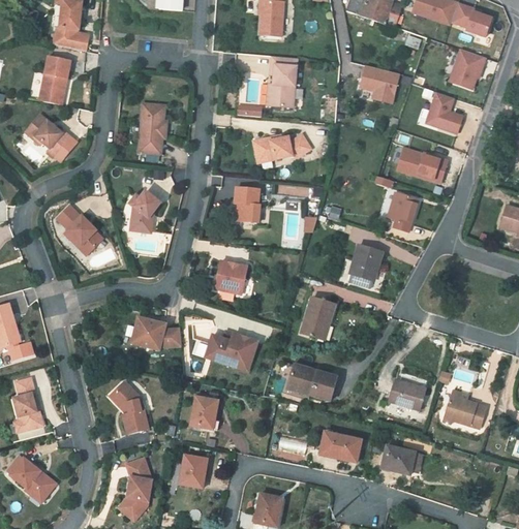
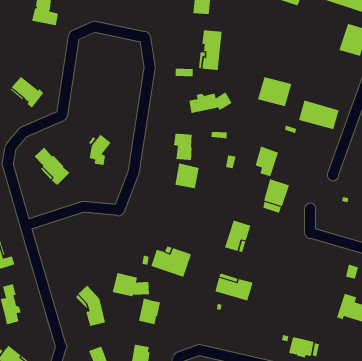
building: [39,56,71,104] -> none
building: [355,64,399,102] -> [257,77,292,107]
building: [423,91,462,134] -> none
building: [139,103,166,153] -> none
building: [388,192,419,231] -> [255,146,279,177]
building: [215,260,247,293] -> [174,163,200,189]
building: [132,317,181,348] -> [112,273,150,297]
building: [389,381,426,410] -> none
building: [319,432,362,461] -> none

